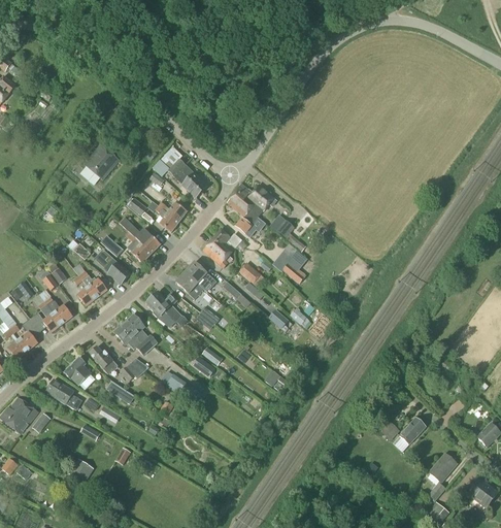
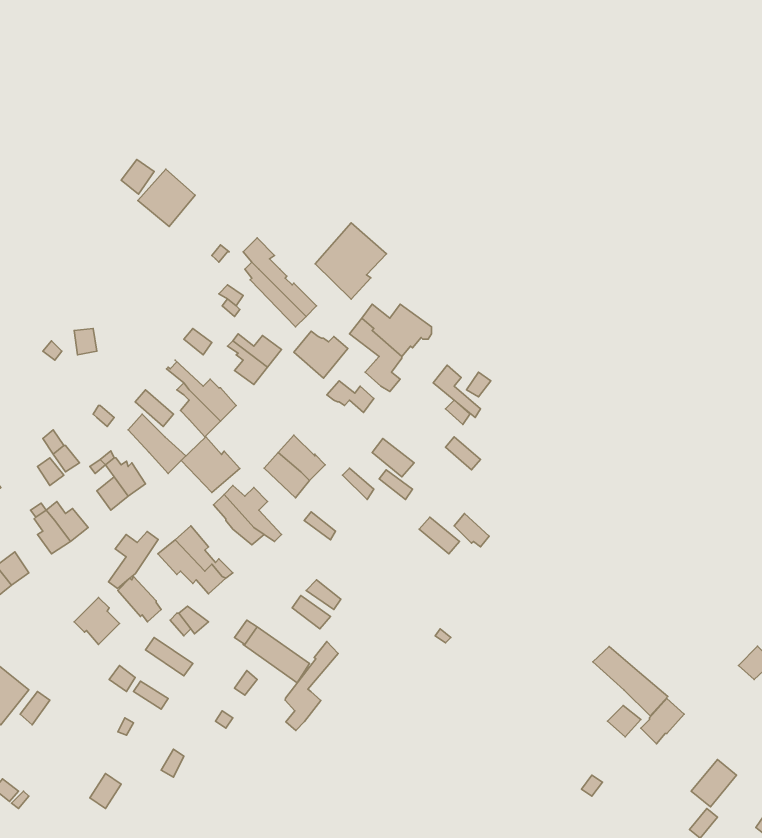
building: none -> [315,223,386,299]
building: [83,145,118,179] -> [138,169,195,227]
building: [203,238,235,266] -> [294,331,348,378]
building: none -> [181,437,240,492]
building: none -> [109,532,158,588]
building: [45,378,79,408] -> none
building: none -> [285,642,338,731]
building: none -> [593,647,668,716]

